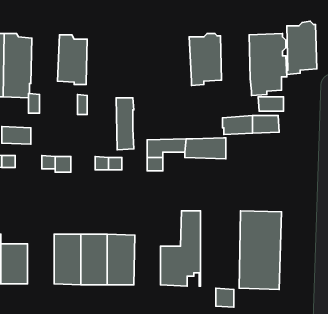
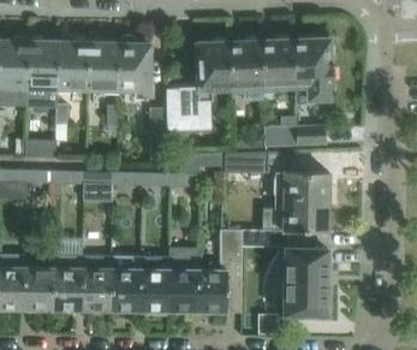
building: [287,21,317,74] -> [263,36,296,94]
building: none -> [118,36,149,100]
building: none -> [58,40,89,93]
building: none -> [179,40,232,118]
building: none -> [263,173,330,232]
building: none -> [169,249,198,312]
building: none -> [54,256,83,310]

